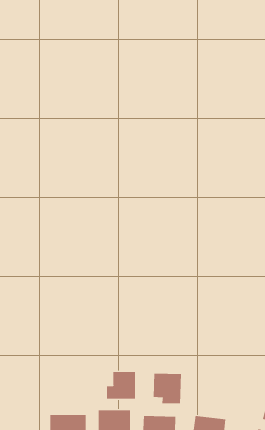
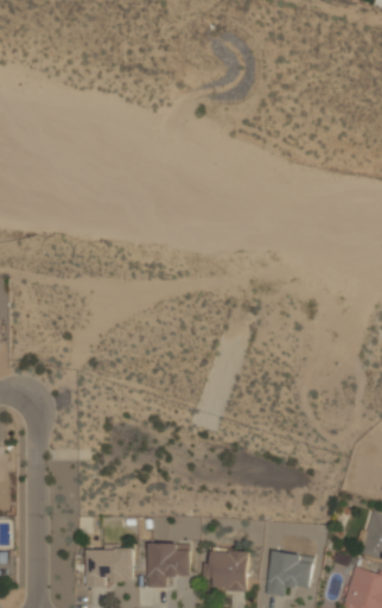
building: [107,371,135,400] -> none
building: [153,373,182,404] -> none

